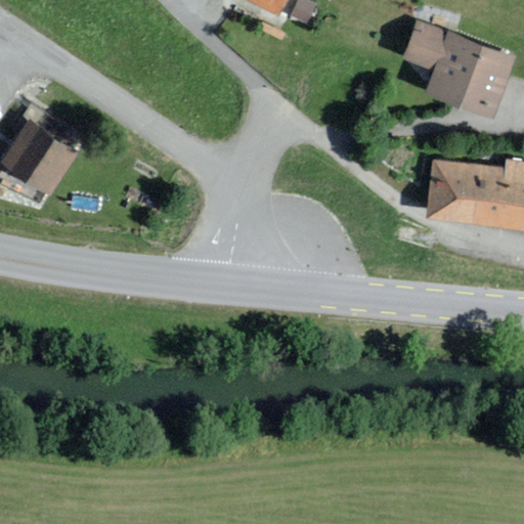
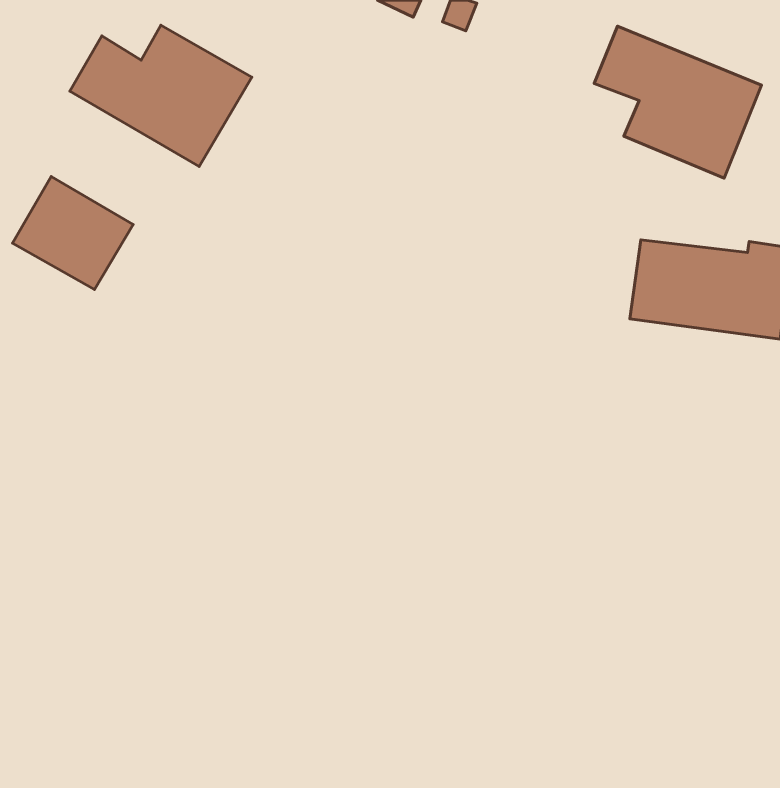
building: none -> [70,25,252,167]

